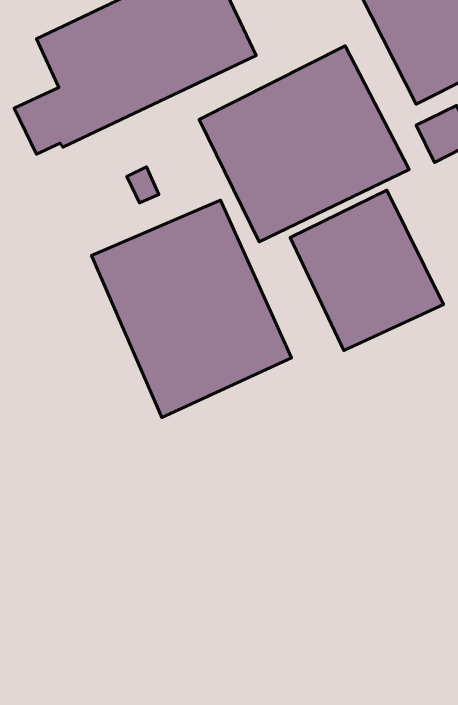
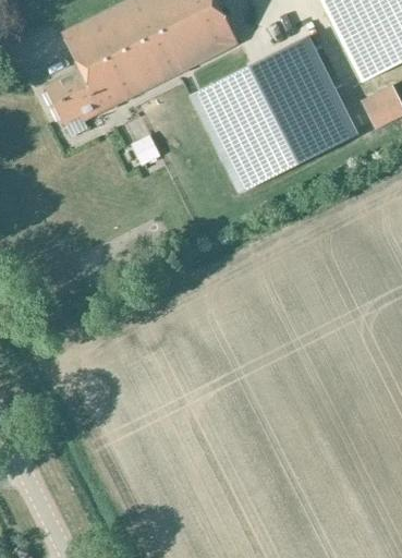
building: [290,190,444,351] -> none
building: [92,200,291,418] -> none

